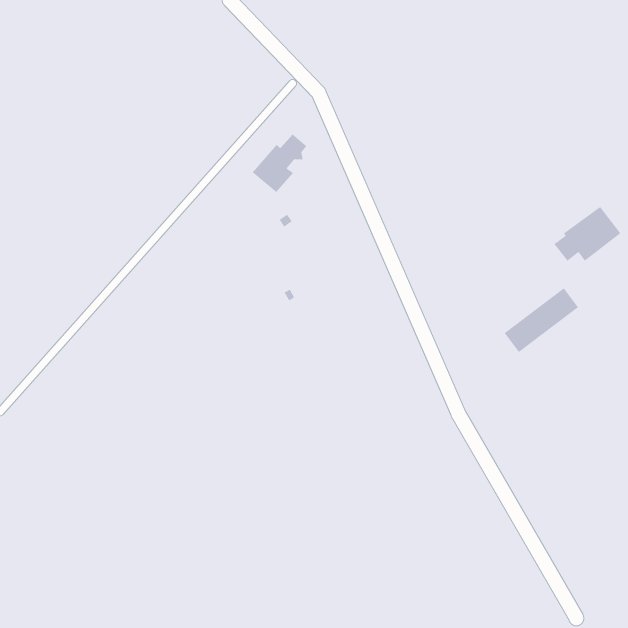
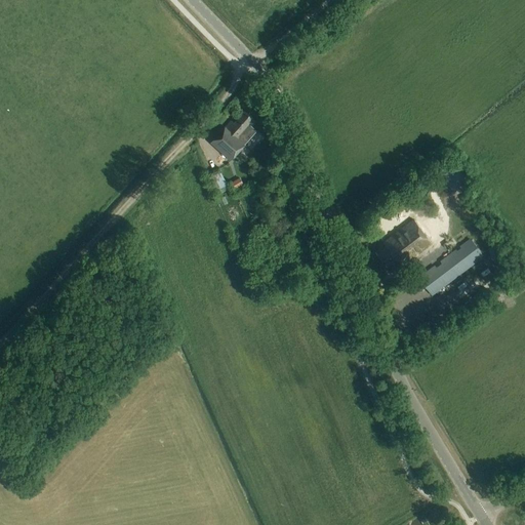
building: [554,206,621,262] -> [375,220,432,267]

